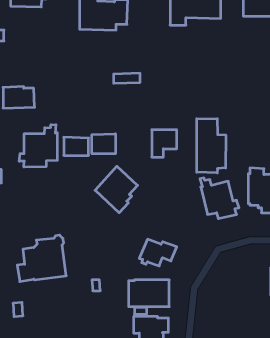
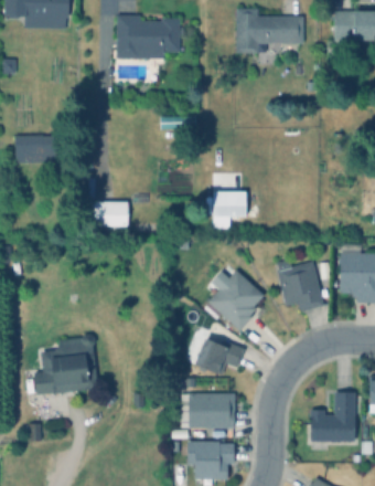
building: [197,119,226,173] -> none
building: [19,125,57,167] -> none
building: [92,134,115,154] -> none
building: [95,166,138,213] -> [208,270,265,331]
building: none -> [311,393,355,442]

